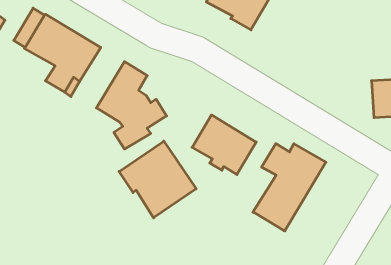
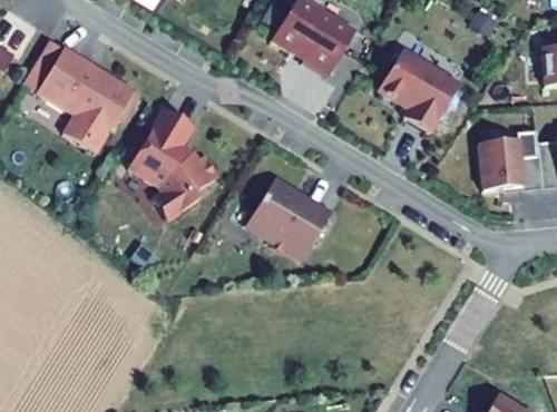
building: none -> [378,45,459,127]
building: [119,141,196,218] -> none
building: [253,144,326,231] -> none

